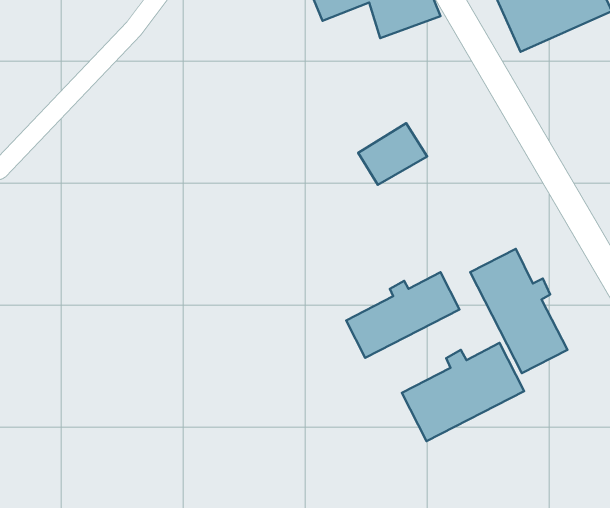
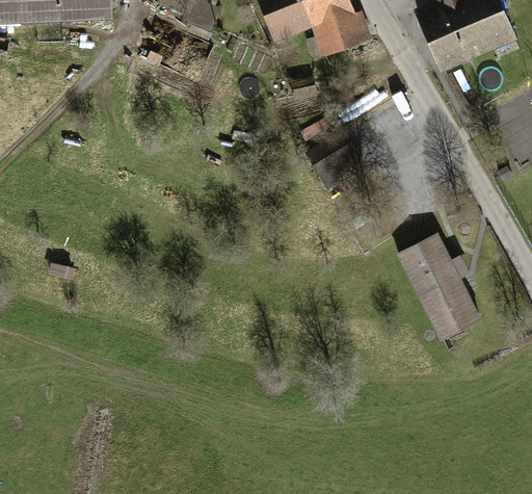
building: [346,272,460,358] -> none
building: [402,343,524,441] -> none

